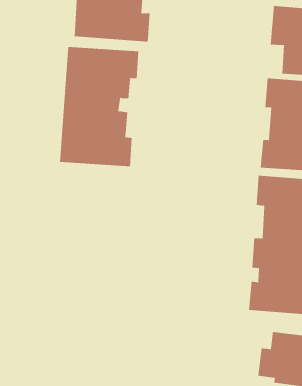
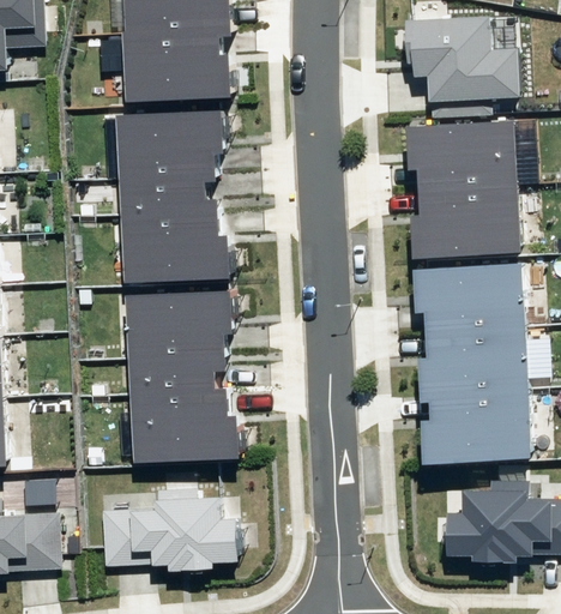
building: none -> [128,289,240,460]
building: none -> [101,490,239,568]

